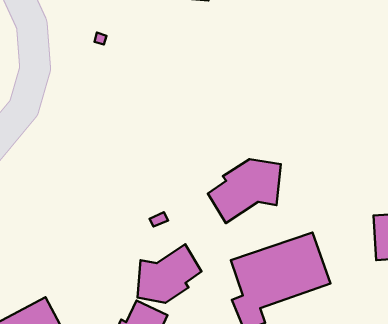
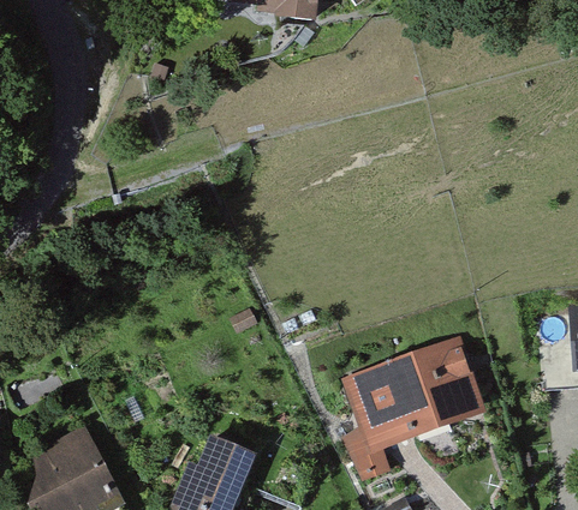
building: [208,159,281,223] -> none
building: [137,244,202,303] -> none

